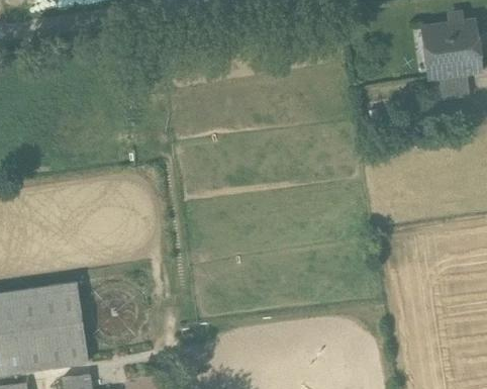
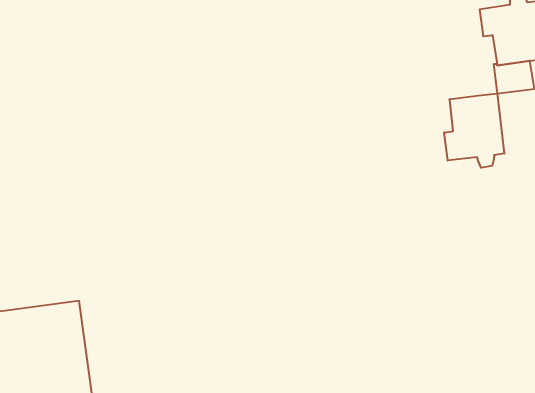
building: none -> [444,93,504,168]

